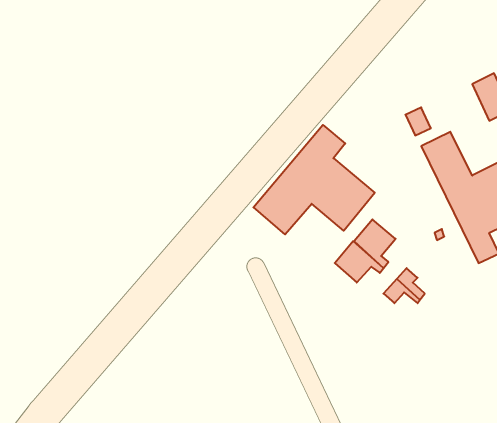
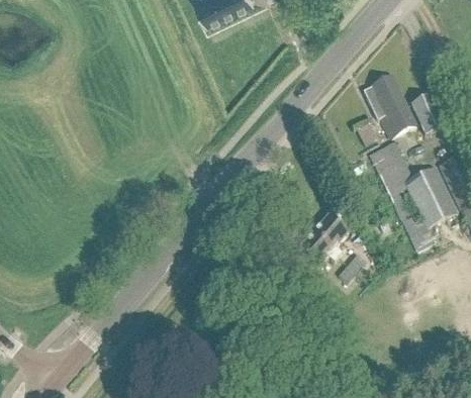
building: none -> [364,75,418,134]
building: [253,125,375,234] -> none

